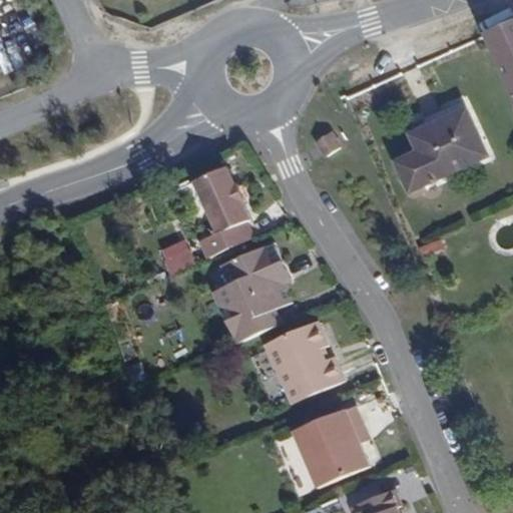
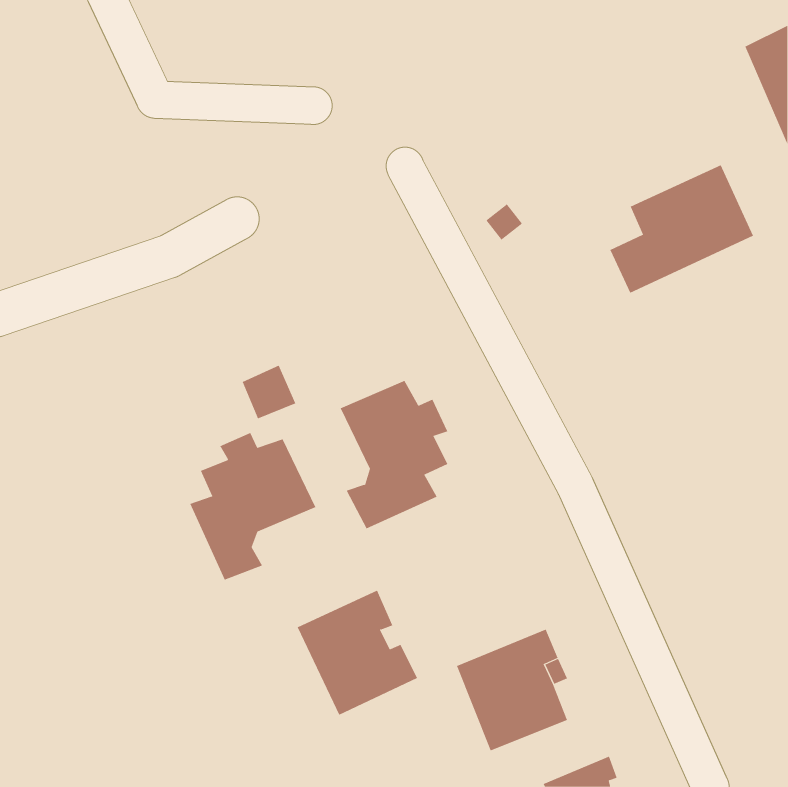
building: [192,166,251,256] -> none
building: none -> [189,432,316,580]
building: [265,321,343,402] -> [297,590,418,716]

